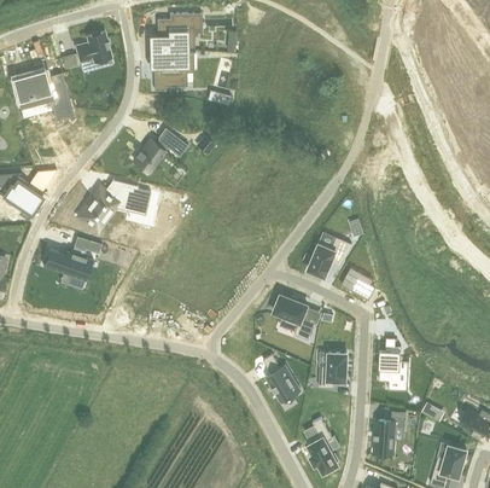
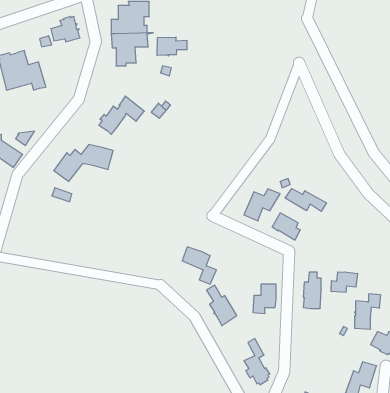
building: none -> [157,37,187,56]
building: none -> [285,189,326,211]
building: [42,249,92,280] -> none
building: [273,295,314,339] -> [182,247,216,284]
building: none -> [331,272,357,292]
building: [373,411,404,453] -> [355,294,381,329]

